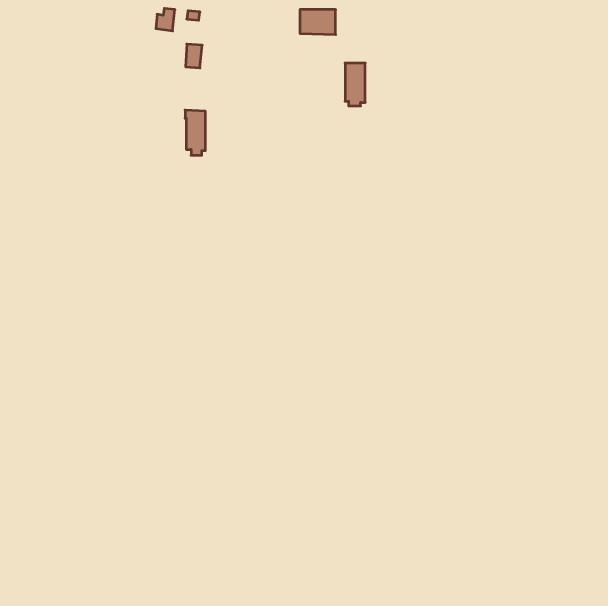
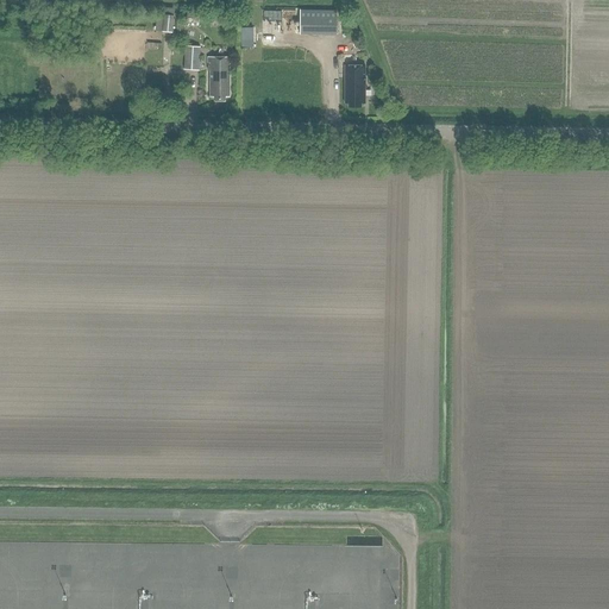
building: [185,110,205,155] -> [208,54,228,99]

